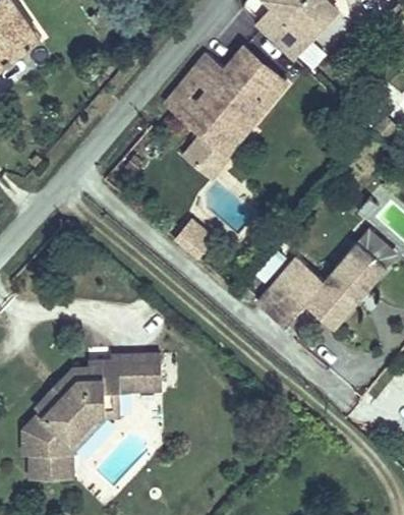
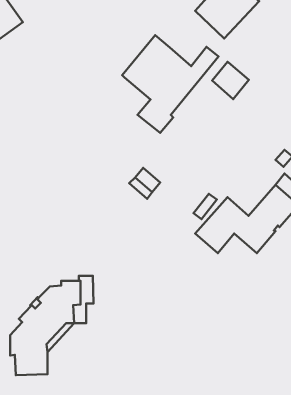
building: [225,47,271,94] -> [212,62,249,99]
building: [128,355,162,391] -> none

